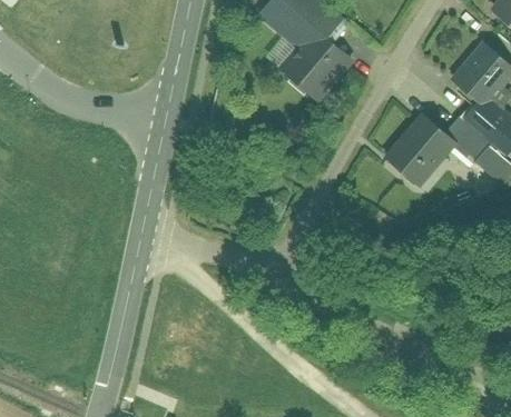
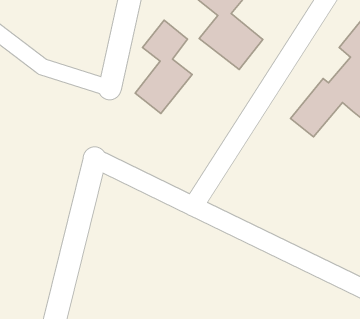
building: none -> [135,20,192,113]

